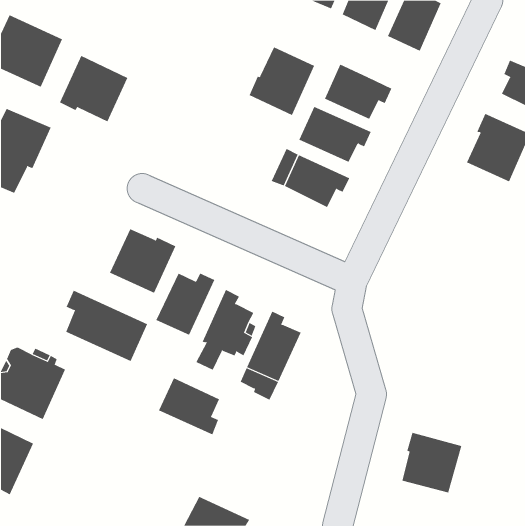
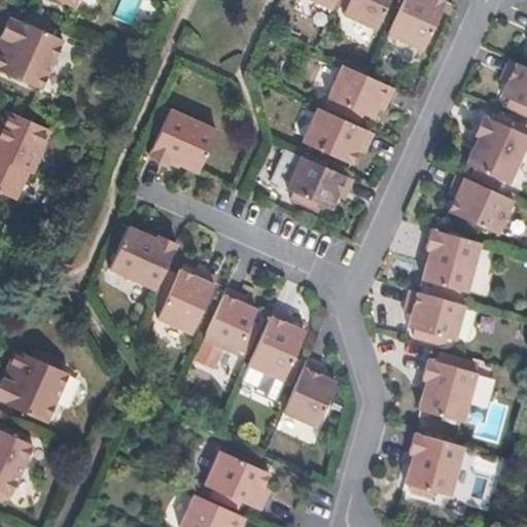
building: [249,46,315,116] -> none
building: [59,55,128,122] -> [149,107,218,174]
building: none -> [449,175,512,234]
building: none -> [424,230,483,290]
building: [66,290,148,362] -> none
building: none -> [408,291,464,340]
building: none -> [422,359,481,422]
building: none -> [282,360,336,426]
building: [158,378,220,435] -> [211,455,273,513]

